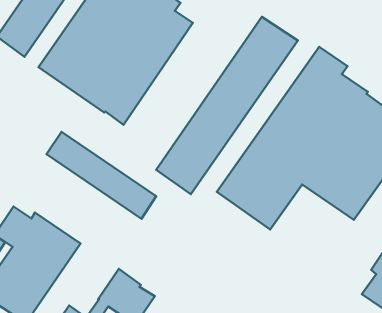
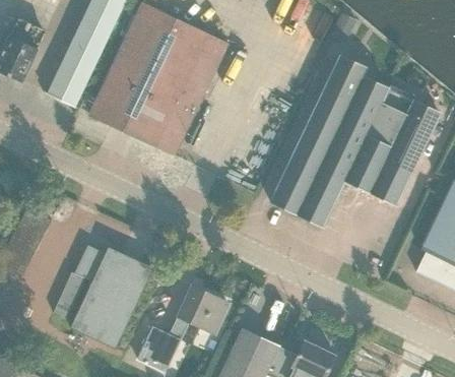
building: [156,17,298,194] -> none
building: [46,132,156,219] -> none

